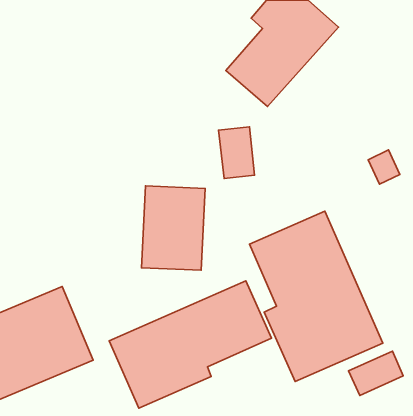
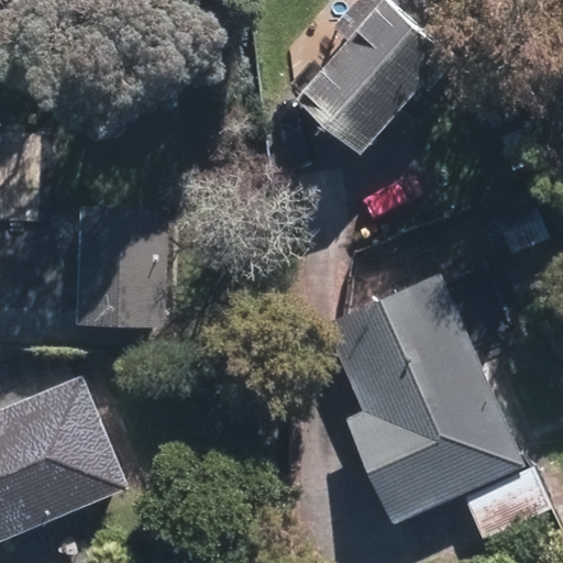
building: [141,186,205,270] -> [81,216,167,329]
building: [109,281,272,408] -> none

